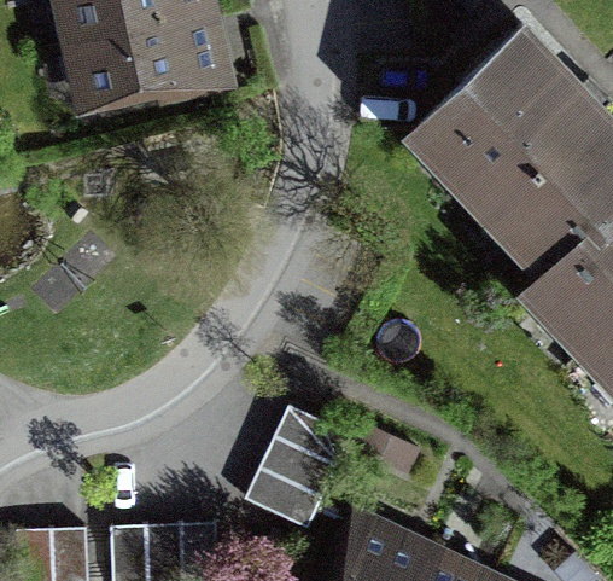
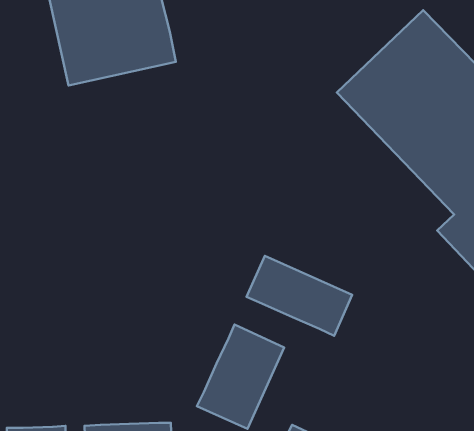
building: none -> [246,256,352,336]

